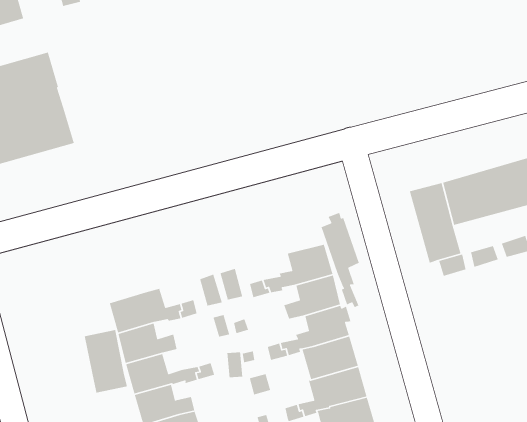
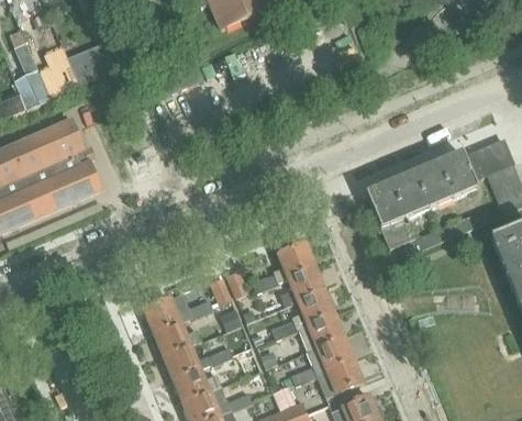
building: [320,212,360,308] -> none
building: [84,329,128,393] -> none

